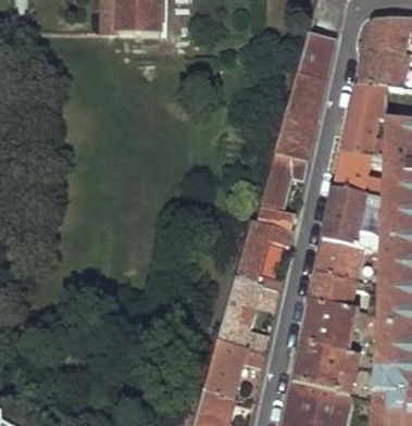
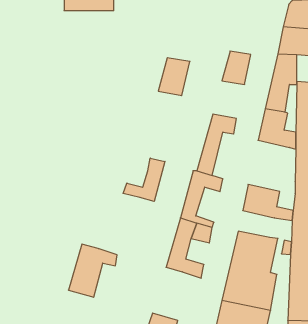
building: [300,38,335,84] -> none
building: [279,115,317,161] -> [158,58,190,96]
building: [322,187,378,251] -> none
building: none -> [123,158,165,201]
building: [310,272,353,304] -> none
building: [207,340,265,404] -> [68,244,117,297]

